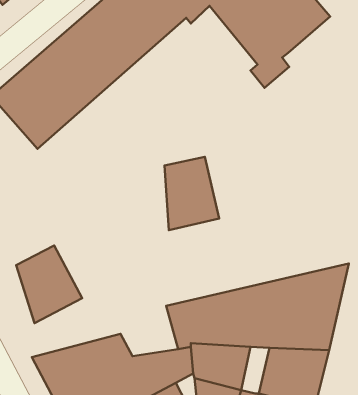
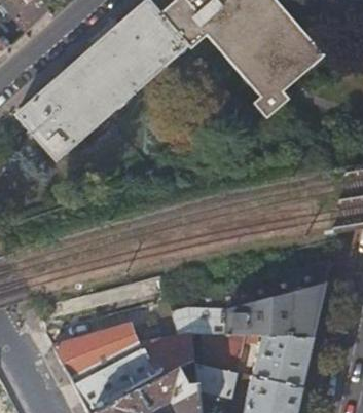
building: [165,157,219,230] -> none
building: [16,246,82,323] -> none

